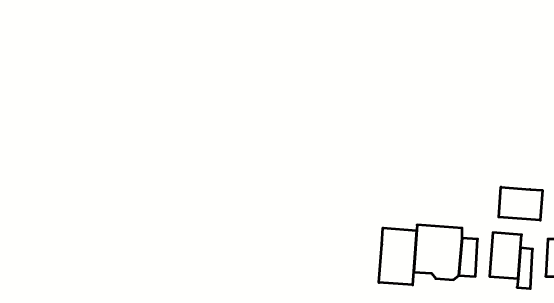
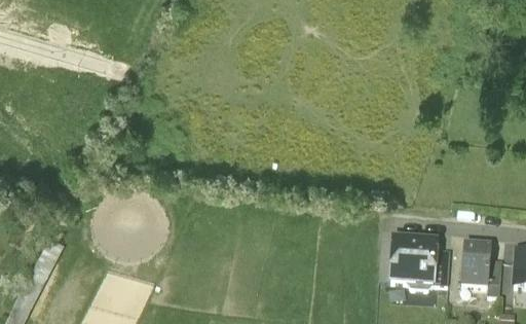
building: [499,187,542,220] -> none
building: [379,228,417,285] -> none

